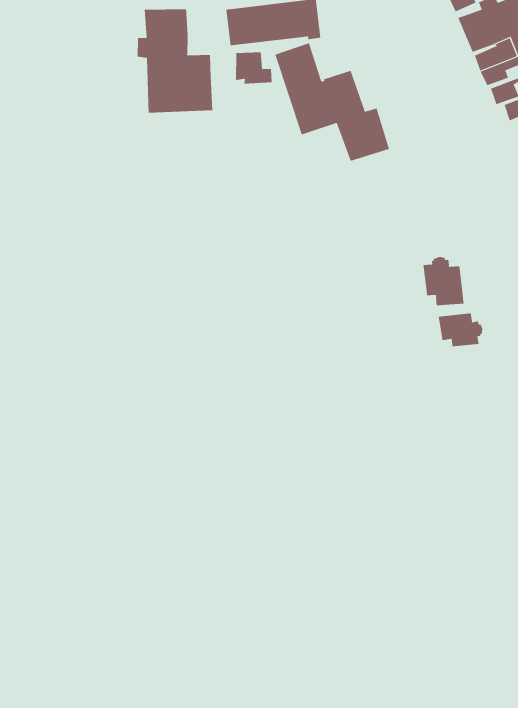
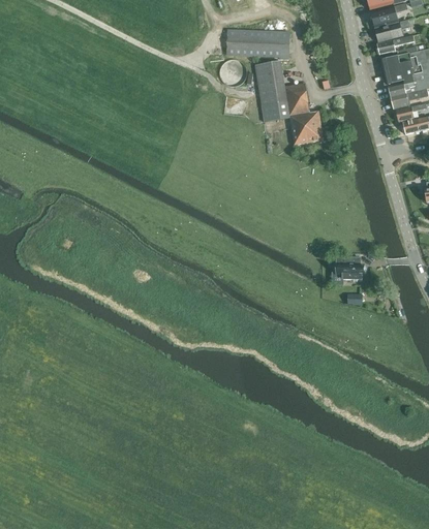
building: [137,9,213,113] -> none
building: [423,256,464,306] -> none

